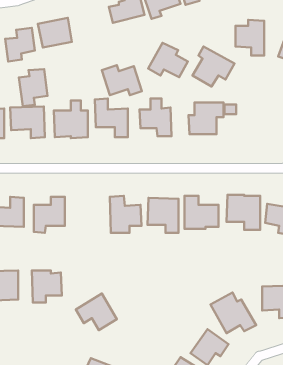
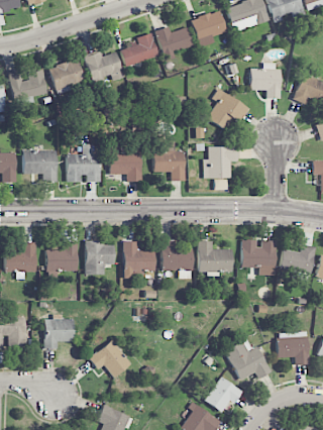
building: [148,43,188,77] -> none
building: [102,65,142,95] -> [85,51,125,82]
building: [19,69,48,106] -> none
building: none -> [86,240,115,276]

